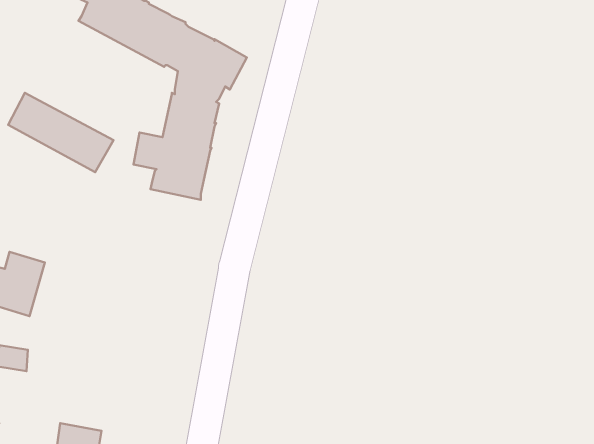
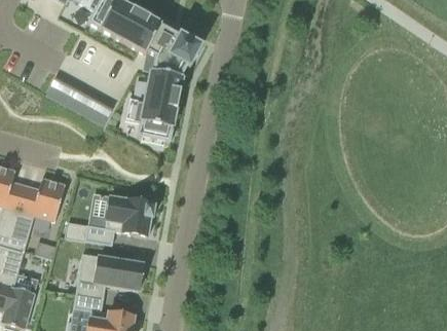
building: none -> [65,195,155,244]
building: none -> [76,253,144,297]

